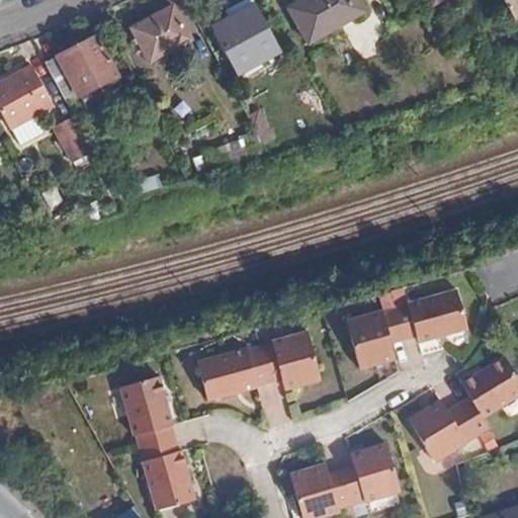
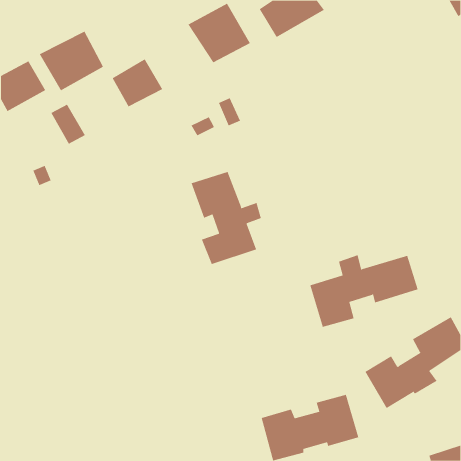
building: [132,5,189,60] -> [112,58,163,107]
building: none -> [191,171,261,265]
building: [194,332,320,402] -> none
building: [117,376,195,513] -> none

